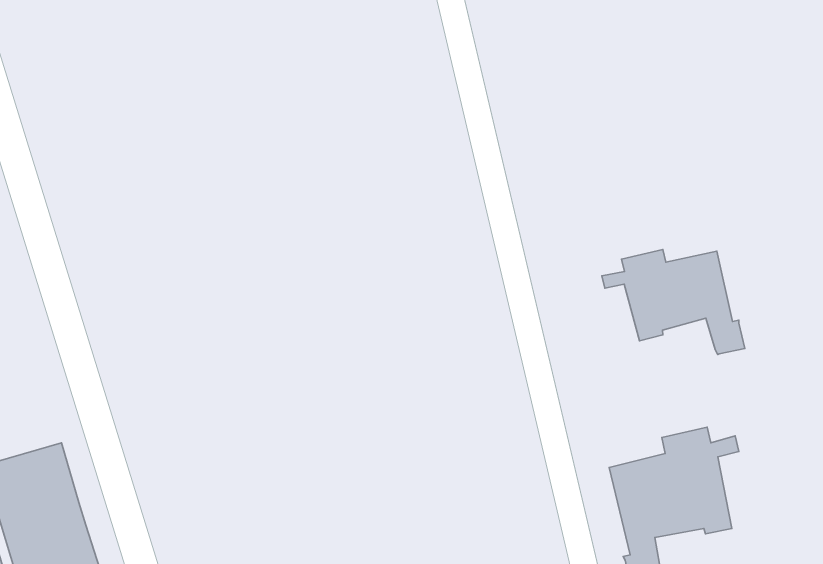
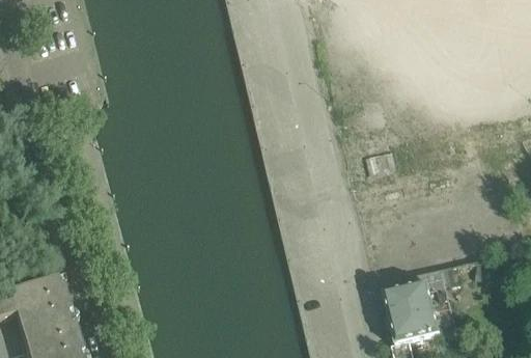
building: [602,250,745,355] -> none

